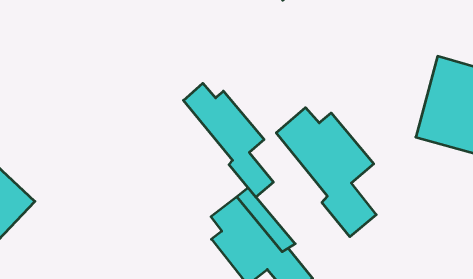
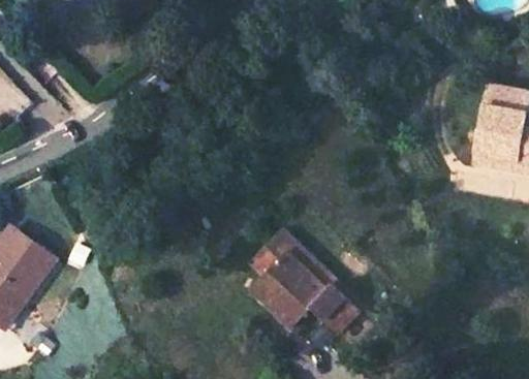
building: [183,83,273,197] -> none
building: [276,108,376,237] -> none

